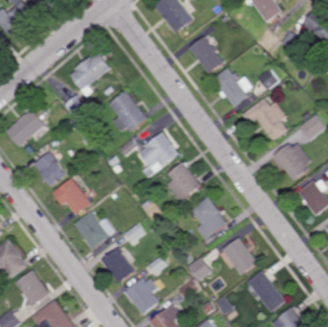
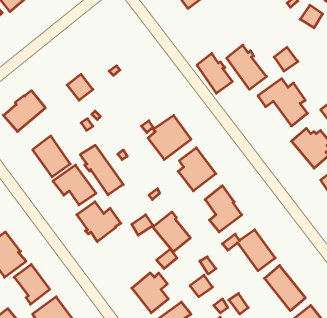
building: [190,36,223,73] -> [197,53,232,93]
building: [71,52,112,96] -> none
building: [109,90,148,131] -> none
building: none -> [80,145,123,195]
building: [100,246,135,283] -> [153,212,190,252]

